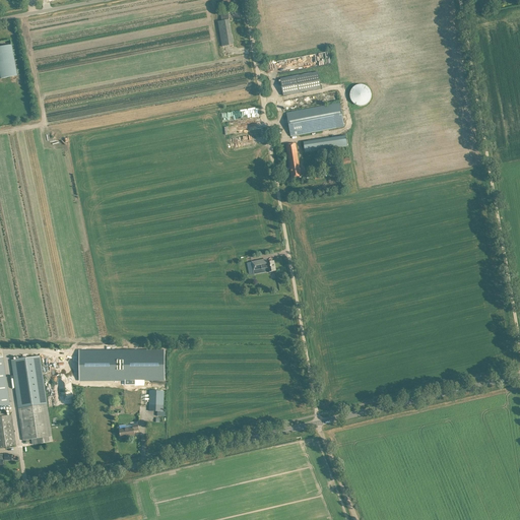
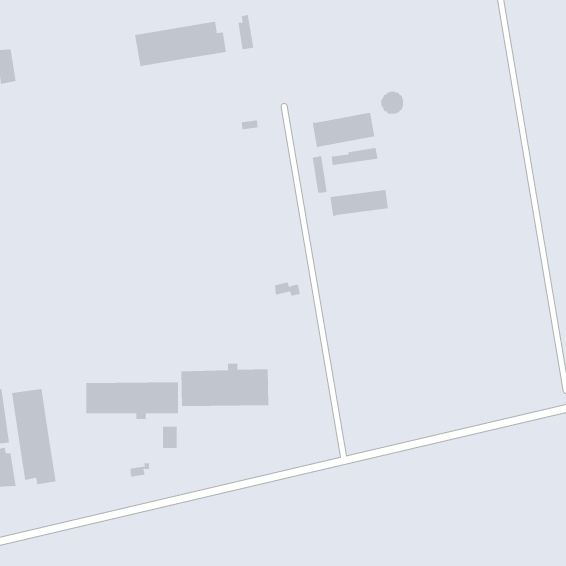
building: none -> [134,21,226,67]
building: [279,71,320,94] -> none
building: none -> [330,189,389,217]
building: none -> [181,363,269,407]

